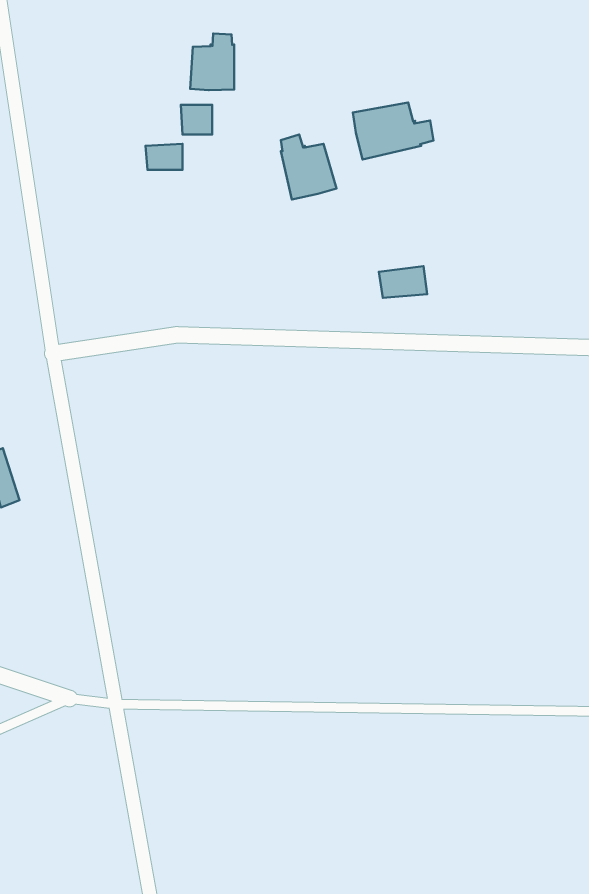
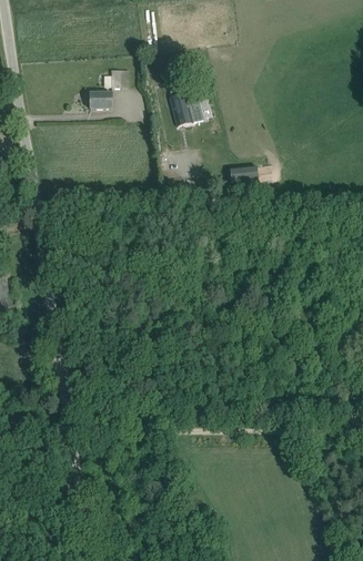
building: [190,34,234,90] -> none
building: [353,103,433,159] -> none

